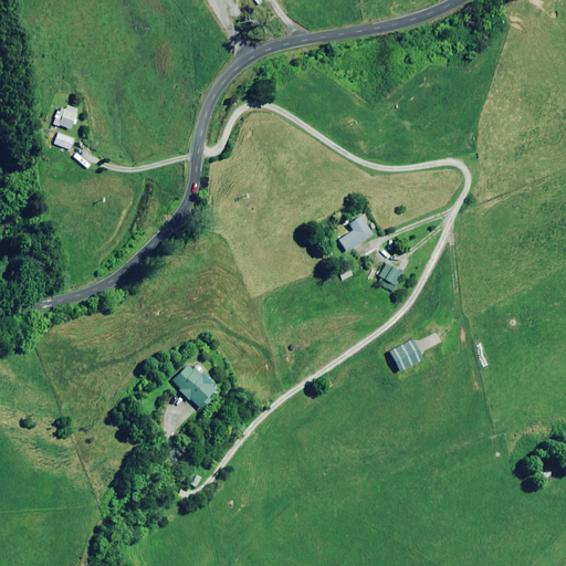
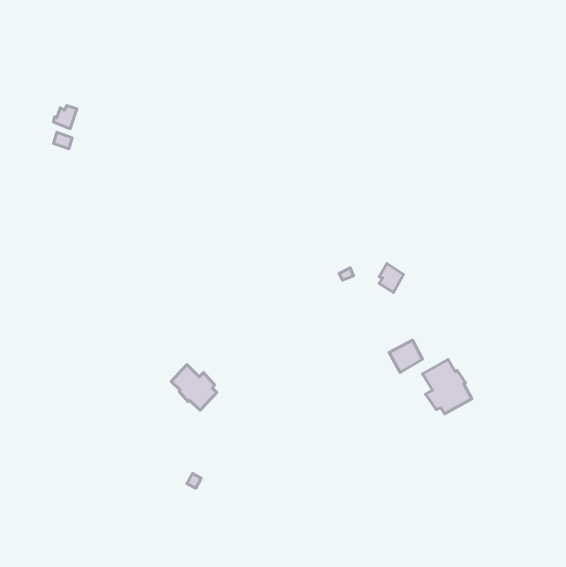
building: [338,214,374,251] -> none
building: none -> [423,360,472,414]

